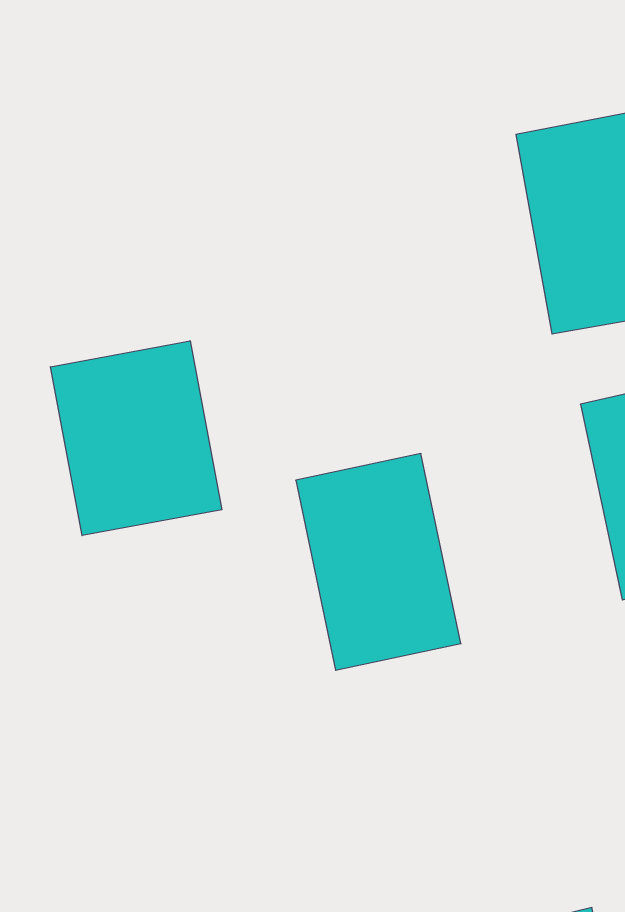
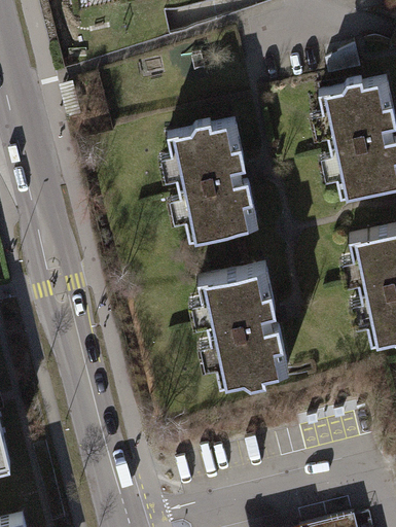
building: none -> [173,127,258,245]
building: [50,341,222,536] -> none

